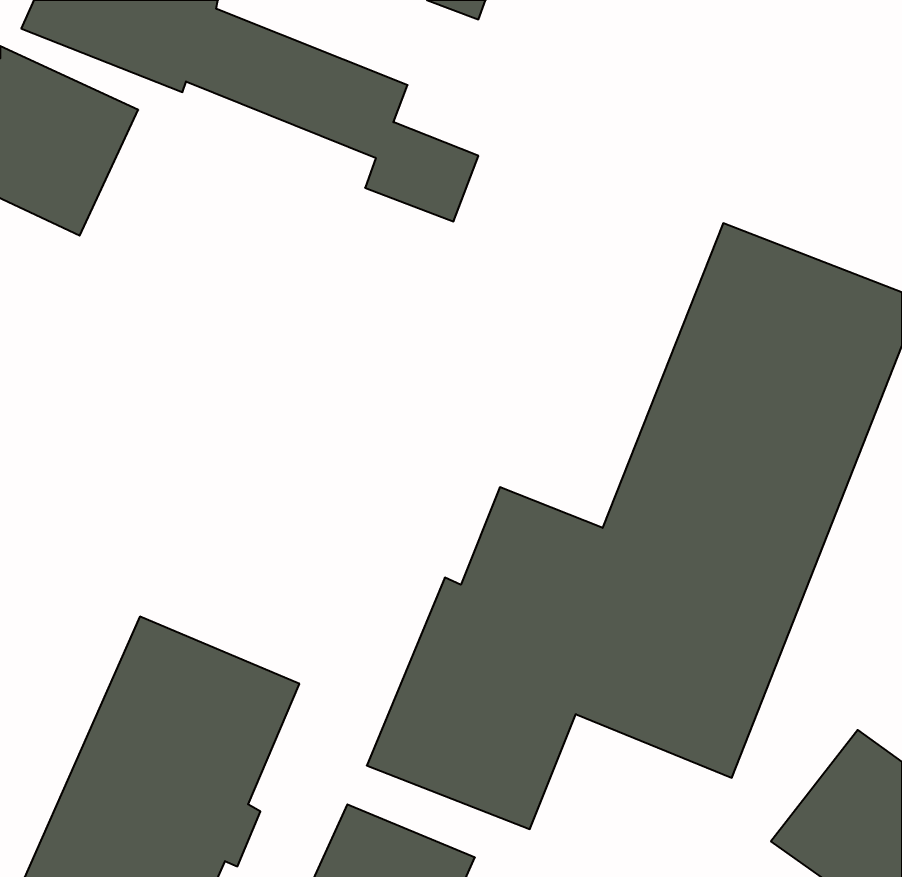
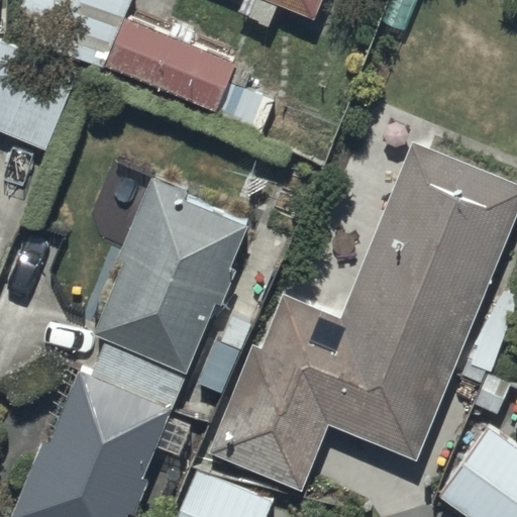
building: none -> [95,179,249,370]

